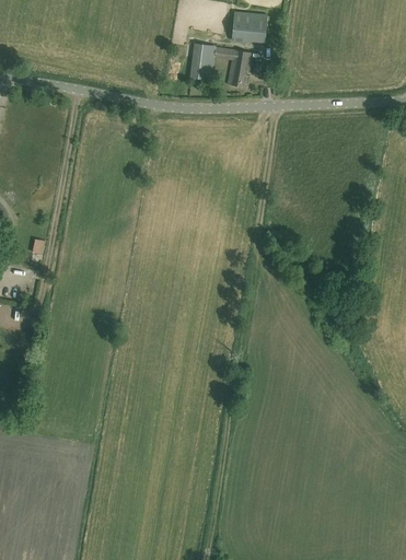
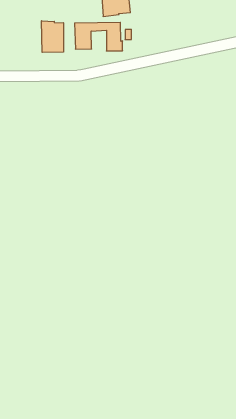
building: none -> [42,21,63,52]

